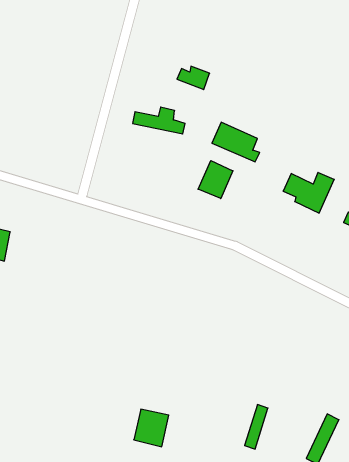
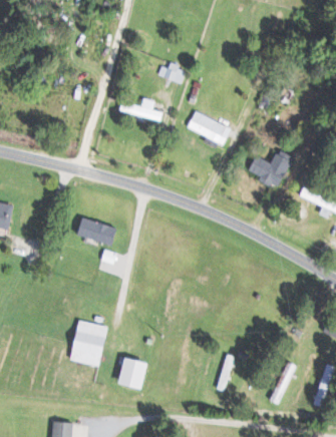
building: [198,161,233,199] -> none
building: none -> [78,217,118,246]
building: none -> [70,321,109,368]

